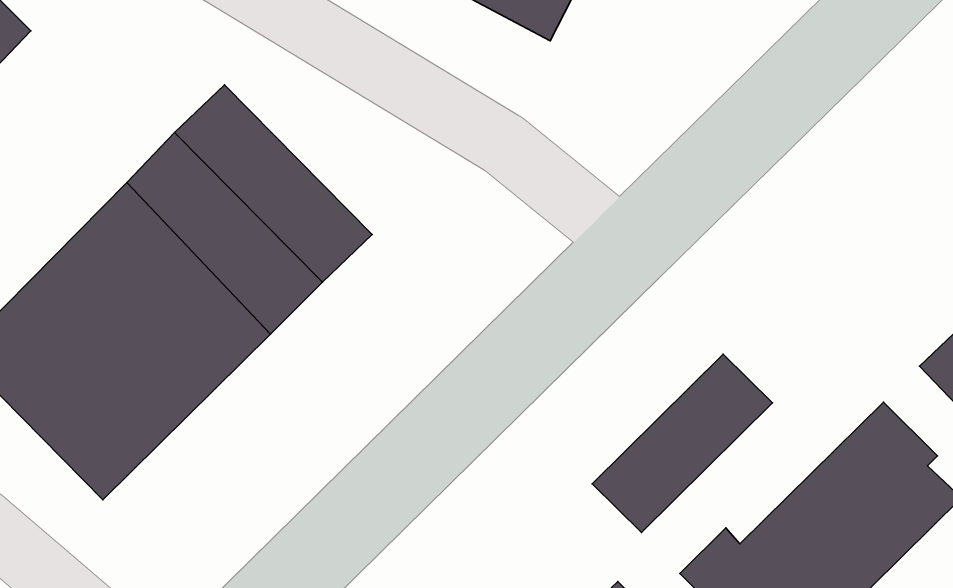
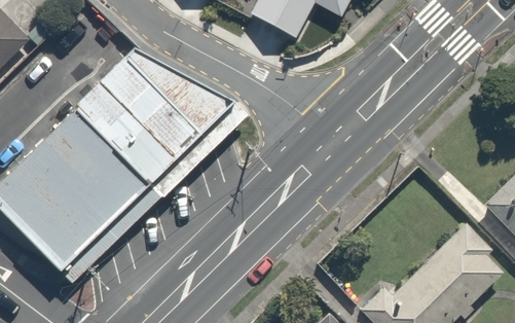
building: none -> [125,50,233,136]
building: [592,354,773,532] -> none

